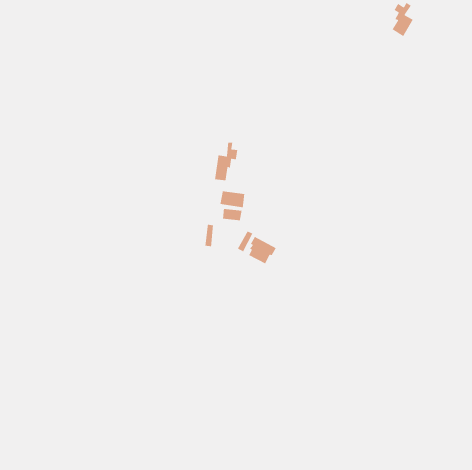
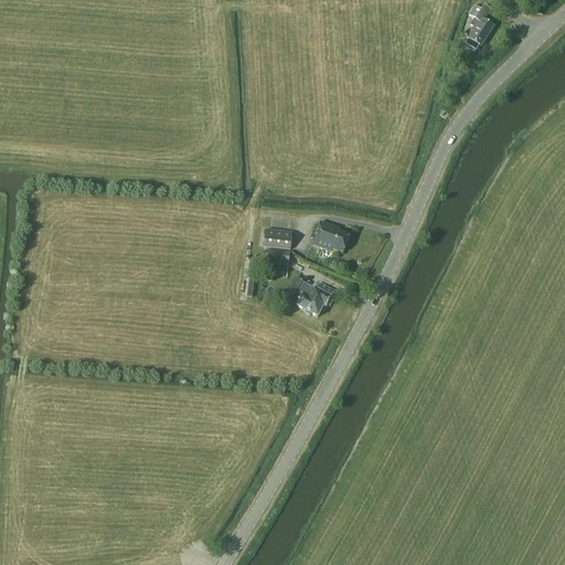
building: [214,142,238,181] -> none
building: none -> [311,220,350,250]

